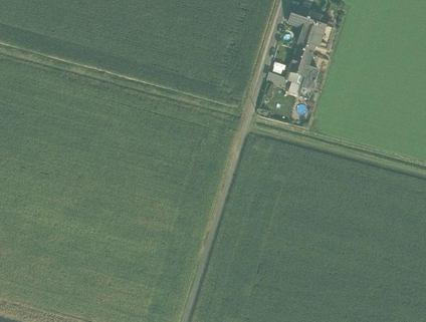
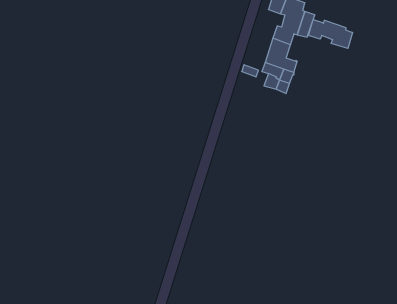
building: none -> [309,20,353,48]

